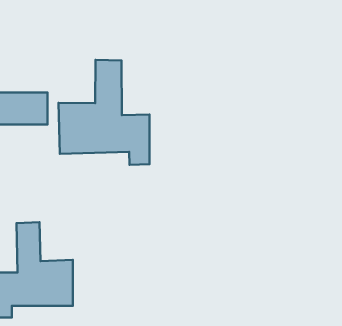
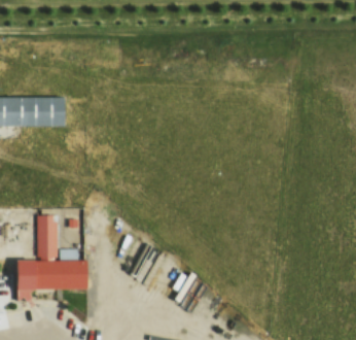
building: [58,60,149,165] -> none

